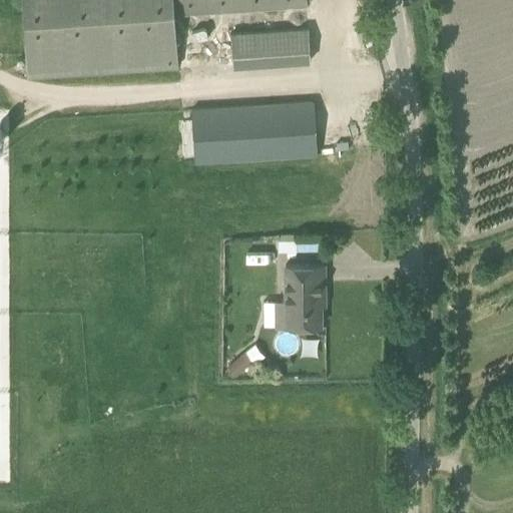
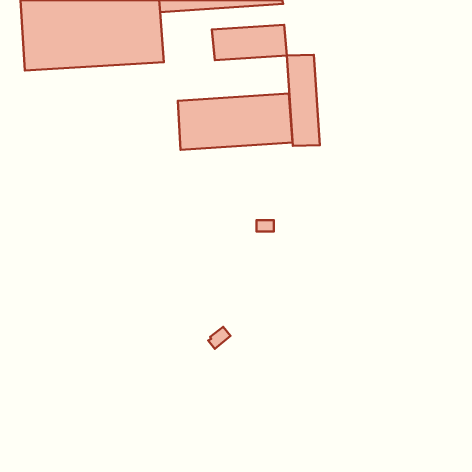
building: none -> [287,55,320,146]
building: [275,265,326,327] -> none

